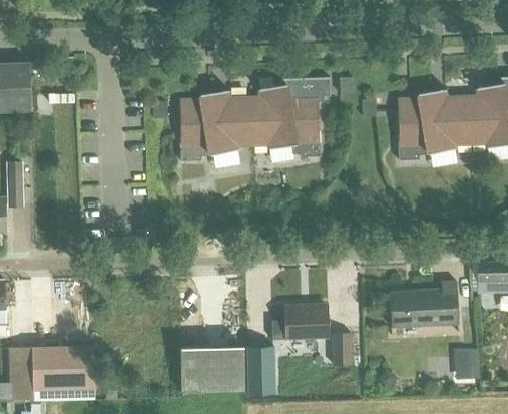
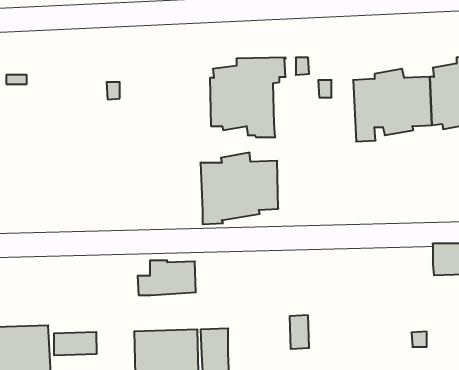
building: [179,89,256,160] -> [200,153,278,224]
building: [386,280,459,326] -> none
building: [272,305,330,339] -> [138,260,196,295]
building: none -> [54,332,96,355]

